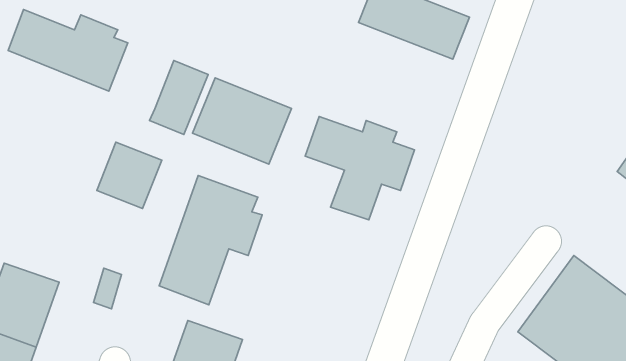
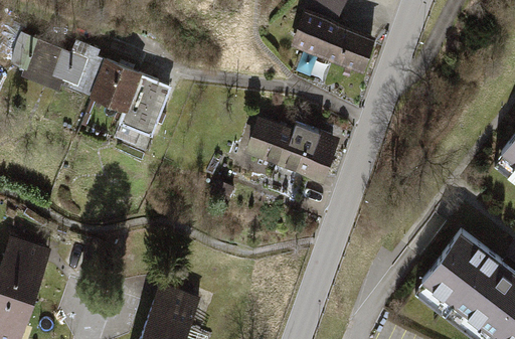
building: [192,78,291,164] -> none
building: [97,142,162,208] -> [94,60,145,113]
building: [159,175,262,305] -> none

